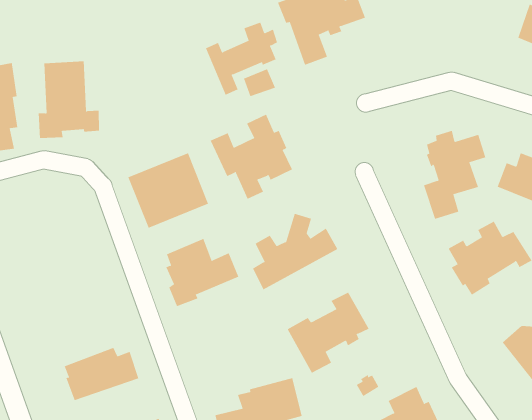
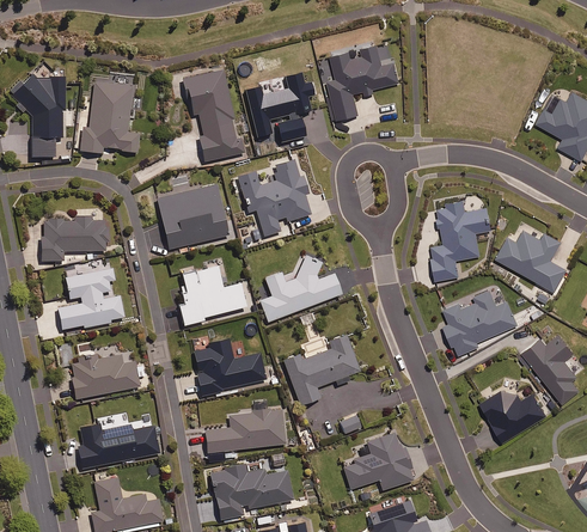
building: none -> [184,69,245,161]
building: none -> [41,216,109,261]
building: none -> [57,268,124,329]
building: none -> [194,340,265,396]

